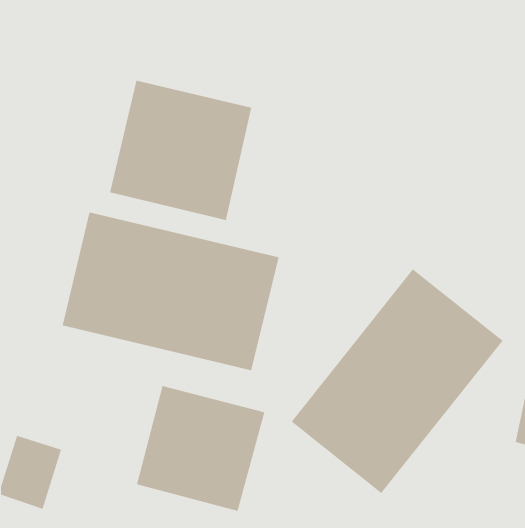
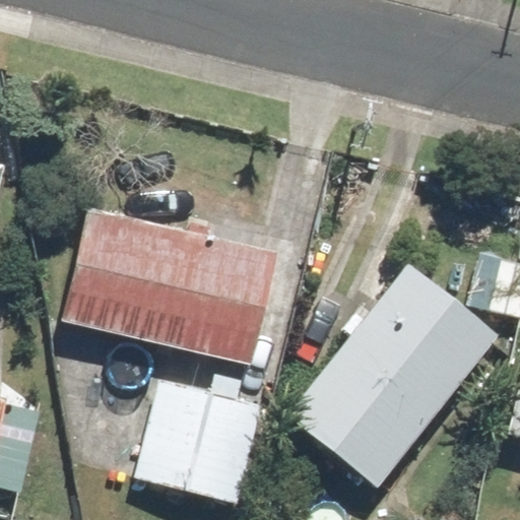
building: [109,80,252,221] -> none

